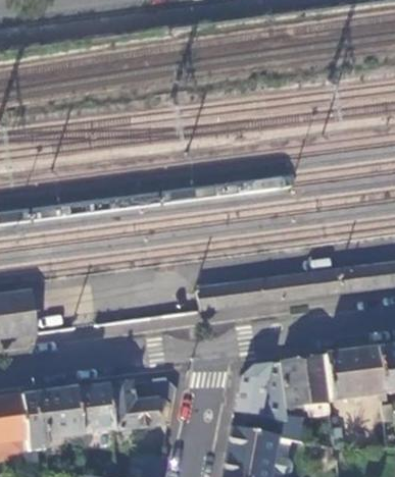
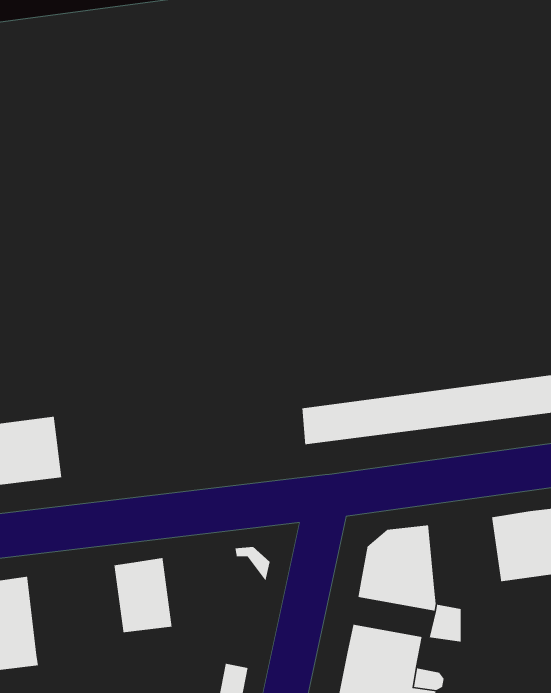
building: [283,357,330,406] -> none
building: [108,380,162,429] -> none
building: [19,388,82,447] -> none

